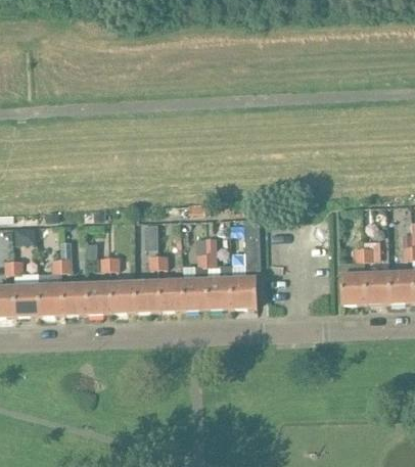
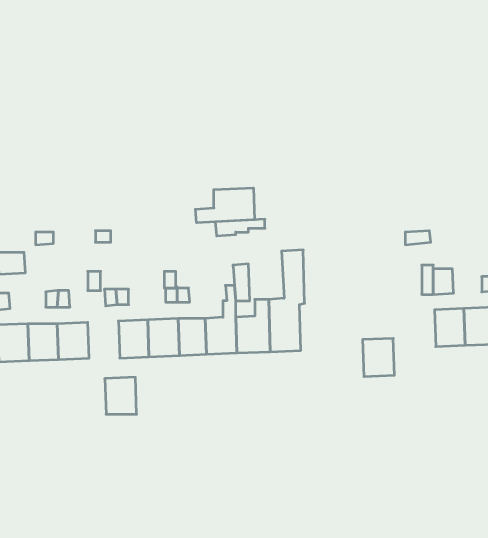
building: none -> [195,188,255,223]
building: [340,273,366,303] -> [363,338,394,377]
building: [87,282,112,312] -> [105,377,137,414]

